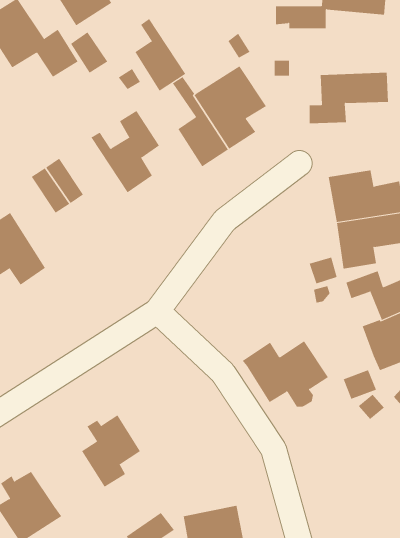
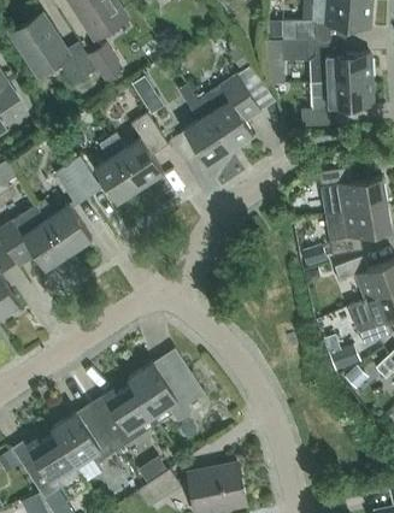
building: [135,18,186,92] -> [94,138,140,204]
building: none -> [283,42,371,83]
building: none -> [36,200,92,254]
building: [242,341,329,407] -> [128,361,205,420]
building: none -> [51,413,119,466]

